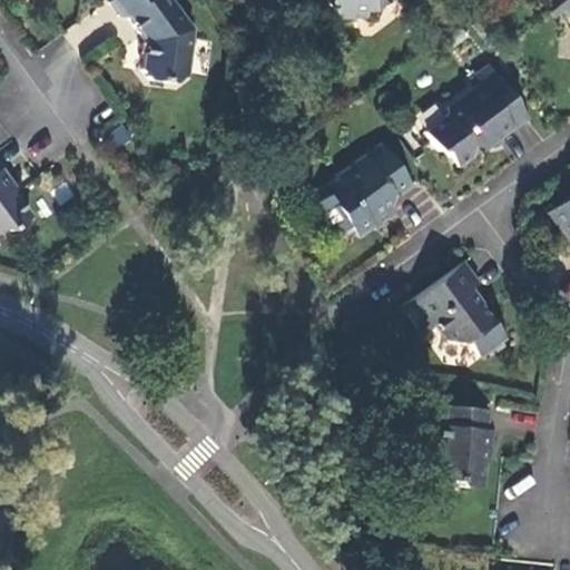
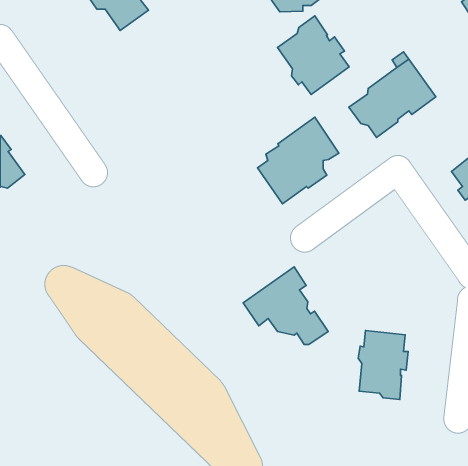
building: [146,12,195,79] -> none
building: none -> [278,16,349,95]
building: [405,261,508,354] -> [243,267,328,344]

